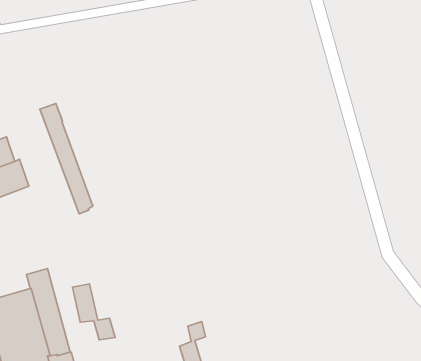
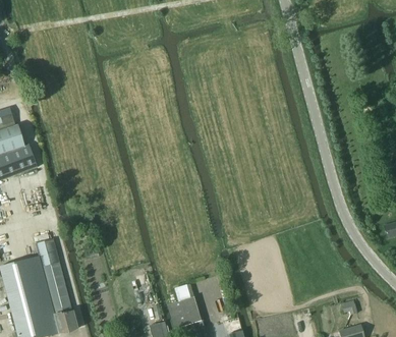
building: [40,103,93,214] -> none
building: [73,284,115,340] -> none

